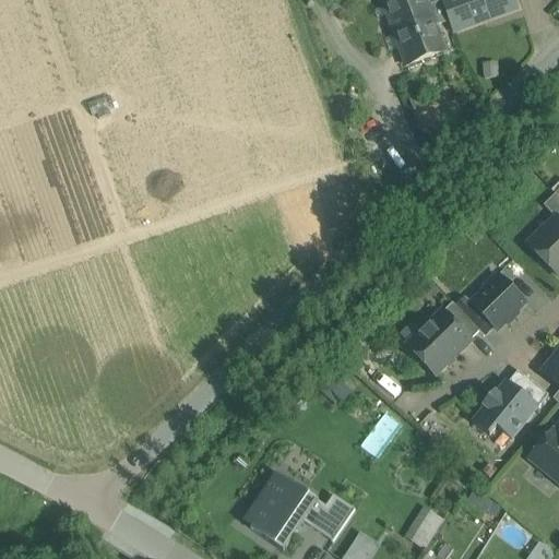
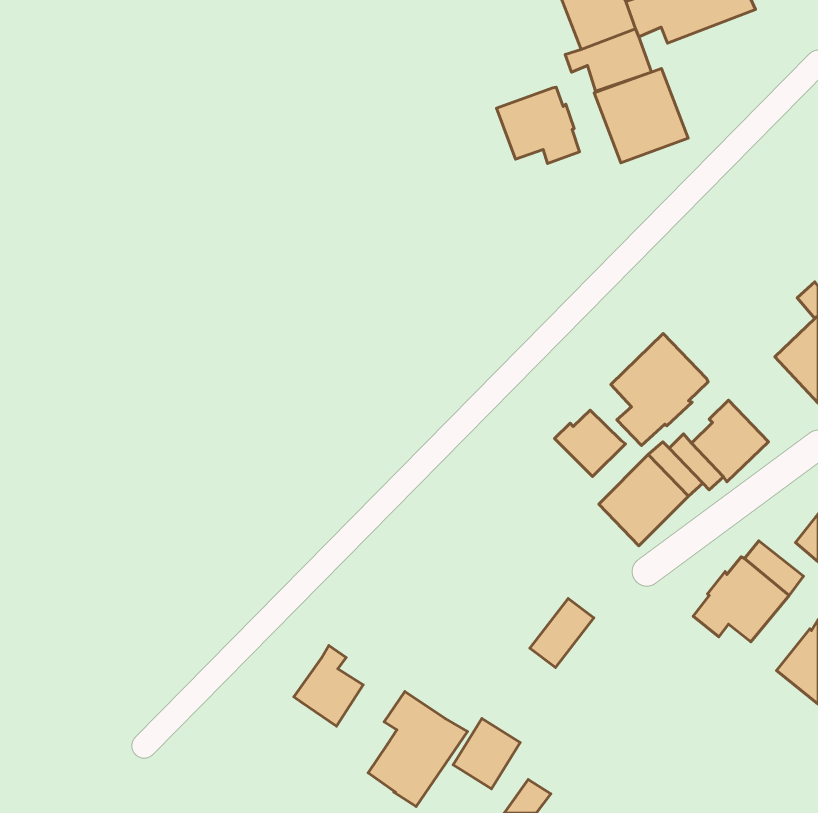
building: none -> [594,68,688,163]
building: none -> [497,87,579,163]
building: none -> [611,334,708,446]
building: none -> [554,410,625,477]
building: none -> [294,646,363,726]
building: [406,506,442,546] -> none

